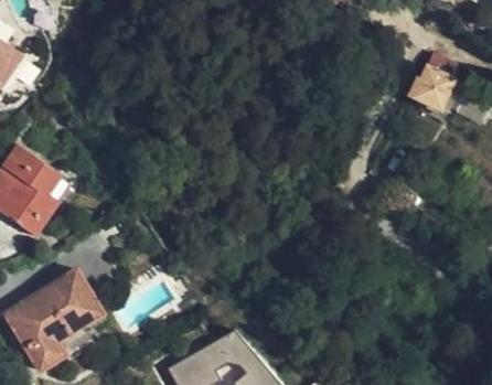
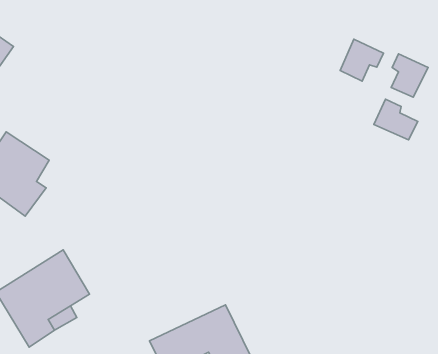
building: none -> [340,39,384,81]
building: none -> [374,99,418,140]

